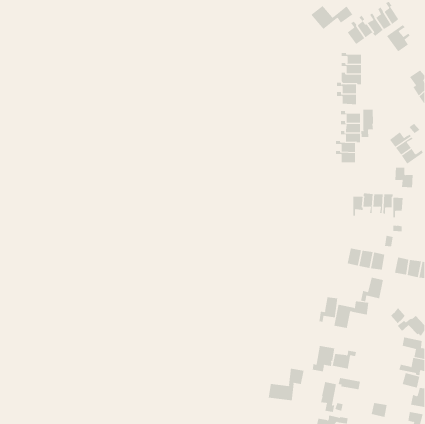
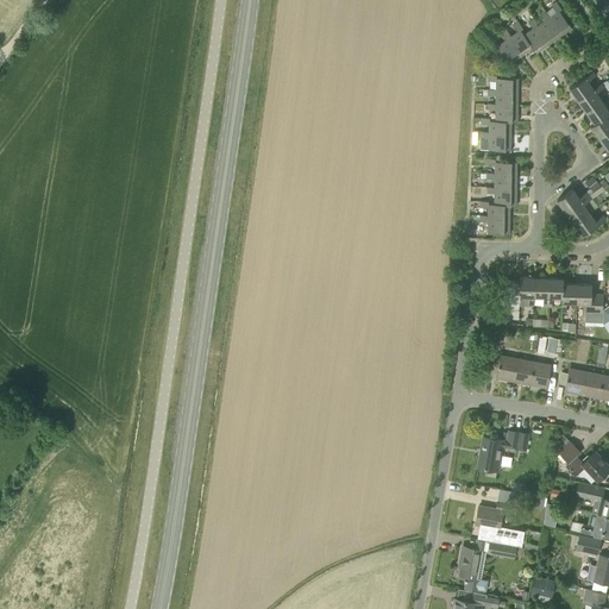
building: [311,5,353,30] -> none
building: [386,25,410,52] -> [569,73,603,112]
building: [361,109,374,138] -> none
building: [394,167,414,188] -> [576,284,603,314]
building: [361,277,384,302] -> none
building: [319,297,338,322] -> none
building: [312,345,335,372] -> none
building: [268,368,304,401] -> none

